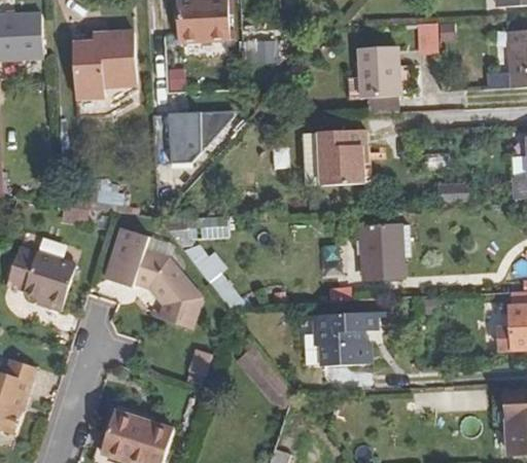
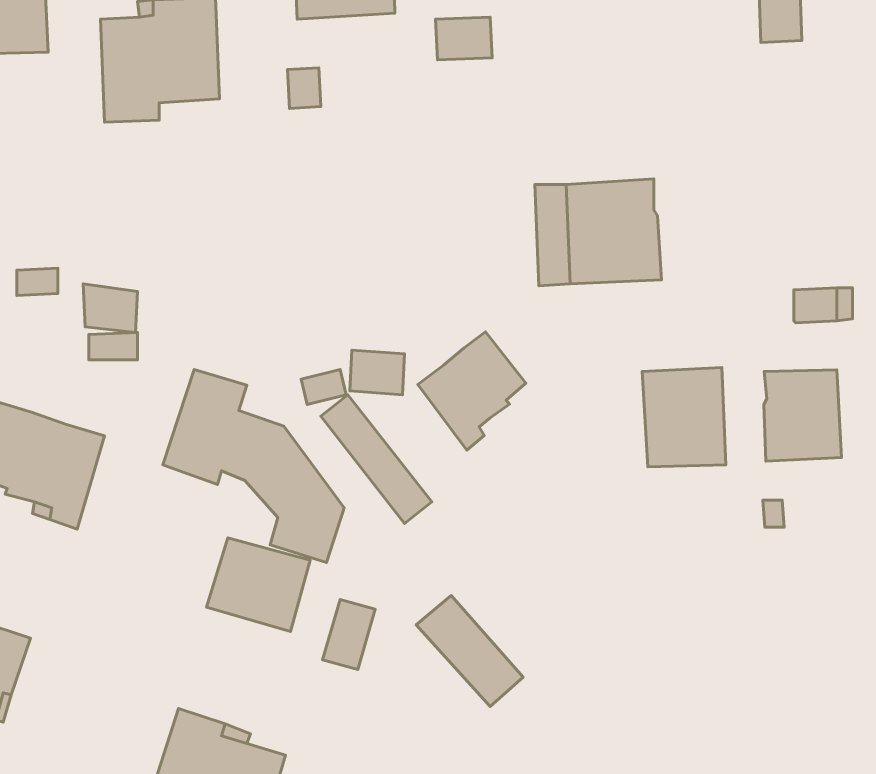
building: [356,44,396,97] -> none
building: [169,109,231,161] -> none
building: none -> [418,332,526,450]
building: none -> [764,370,841,461]
building: [305,308,388,365] -> none
building: none -> [207,538,310,632]

